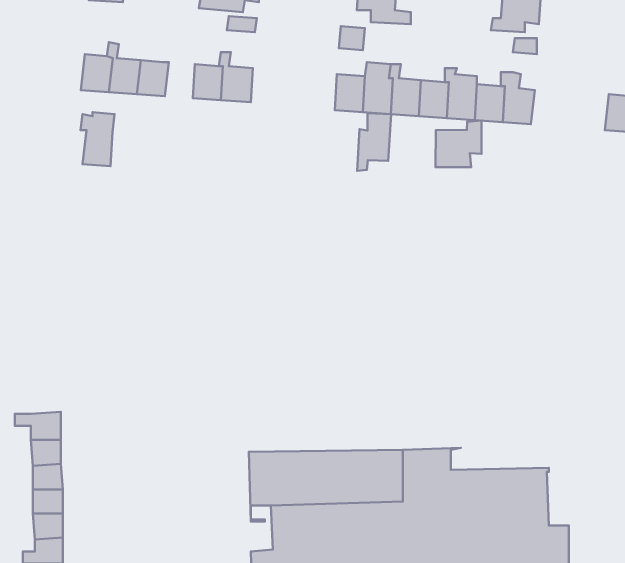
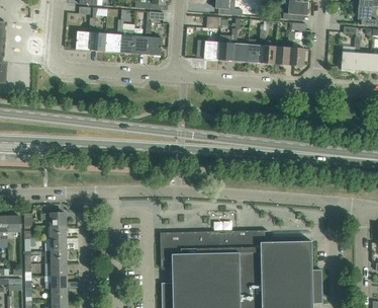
building: [80,112,114,166] -> [117,25,134,53]
building: [357,113,391,171] -> none
building: [436,121,482,167] -> none

